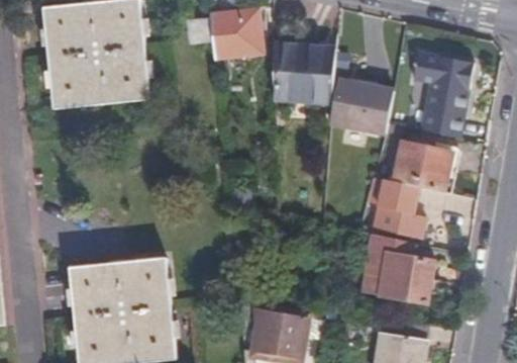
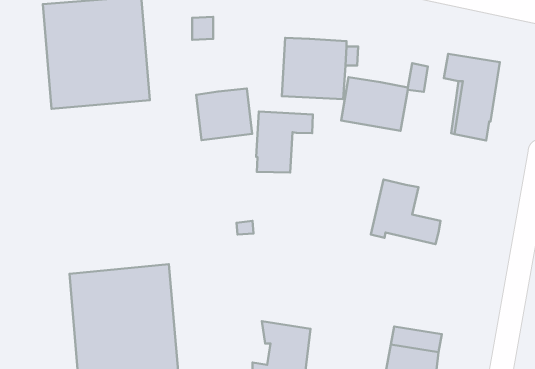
building: [208,9,262,59] -> [196,88,252,140]
building: none -> [256,112,313,173]
building: [391,141,449,192] -> none
building: [361,233,432,302] -> none

